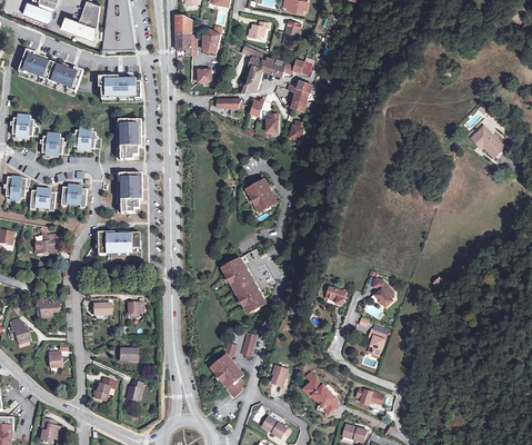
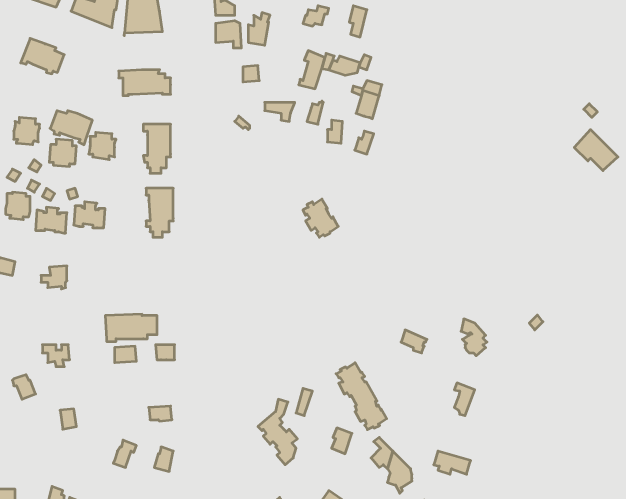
building: [48,61,82,89] -> [50,111,92,145]
building: [96,230,138,253] -> [105,314,157,341]
building: [223,257,264,312] -> [336,363,387,430]

